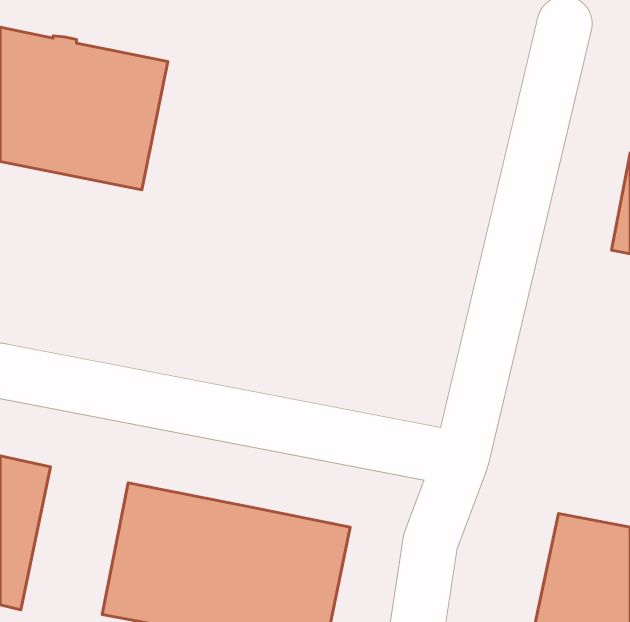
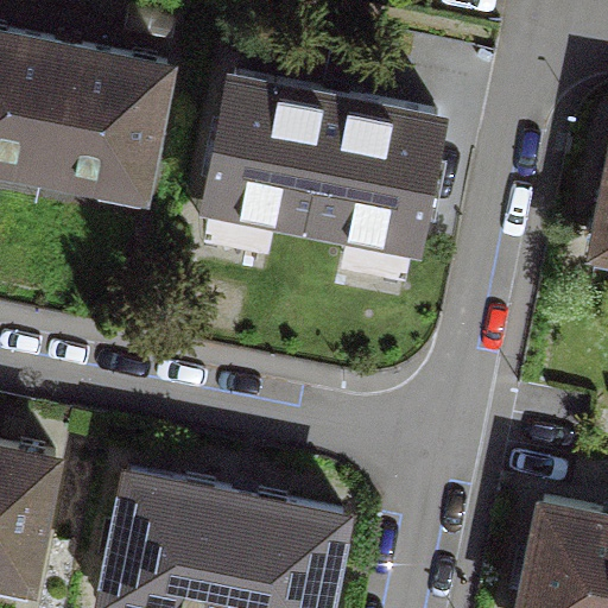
building: none -> [205,77,430,241]

